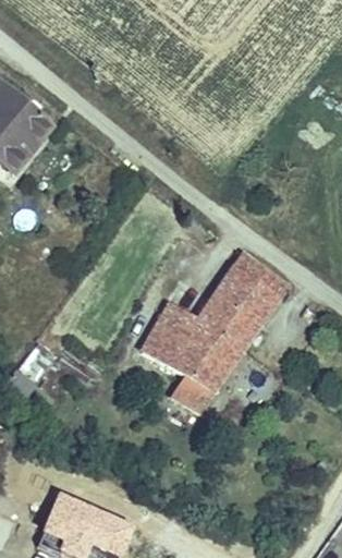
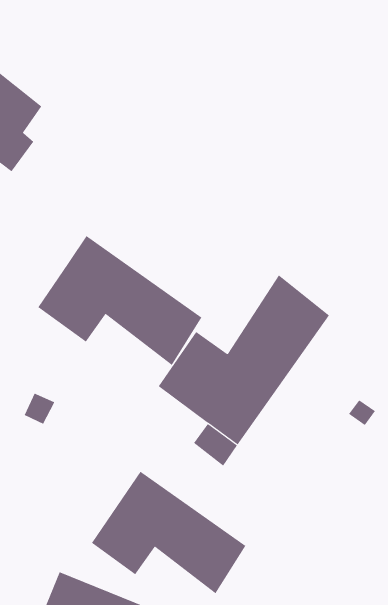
building: none -> [38,235,202,366]
building: none -> [91,471,246,594]

